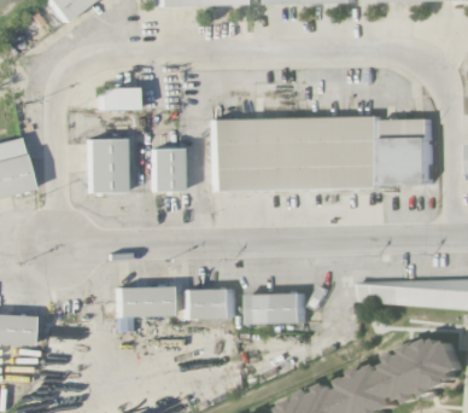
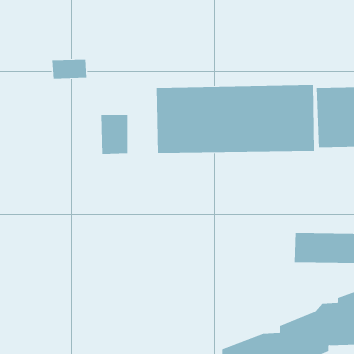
building: [86,138,123,193] -> none
building: [115,286,168,316] -> none
building: [182,287,235,319] -> none
building: [252,292,305,324] -> none

